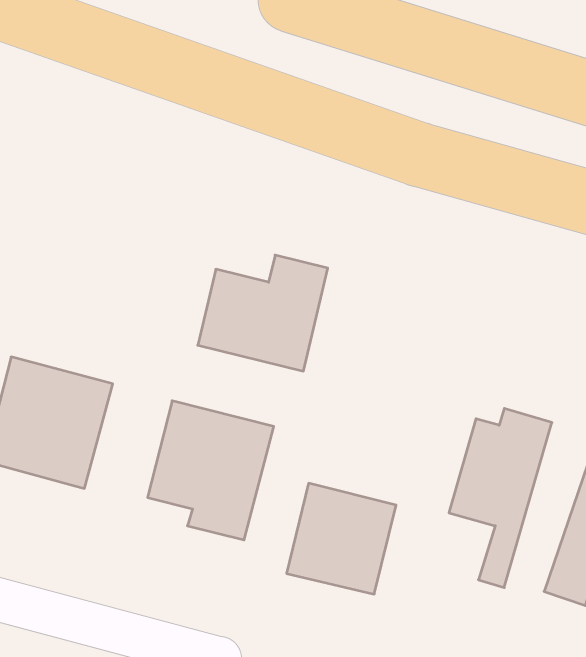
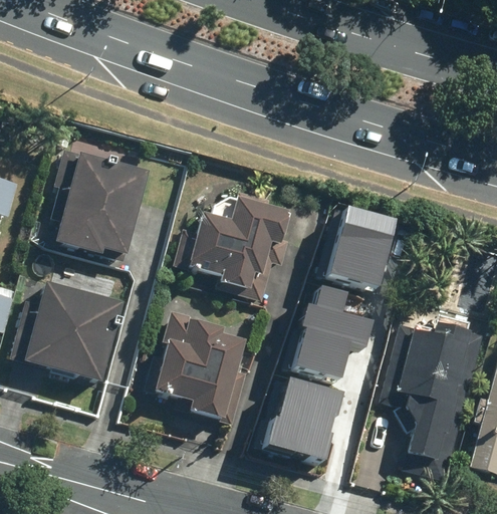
building: none -> [58,153,154,261]
building: none -> [324,209,396,289]
building: none -> [292,287,372,382]

